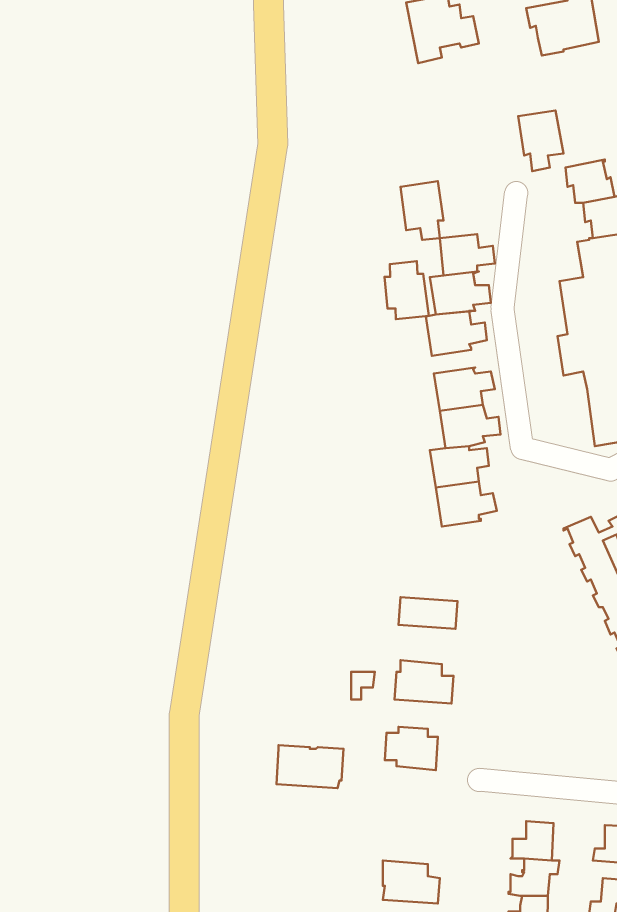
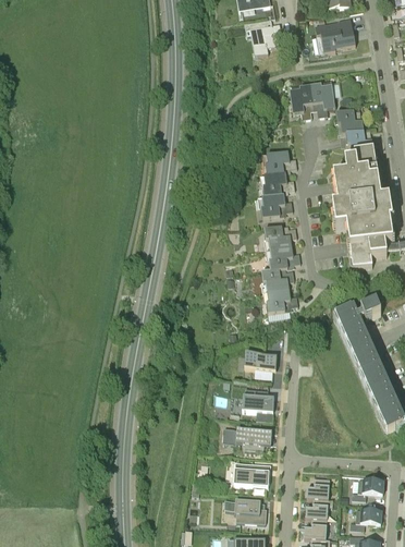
building: [400,181,444,240] -> [290,85,314,118]
building: [384,261,429,319] -> none
building: [277,745,343,788] -> [234,461,271,485]

